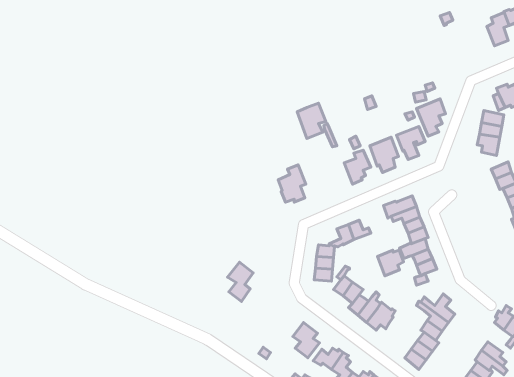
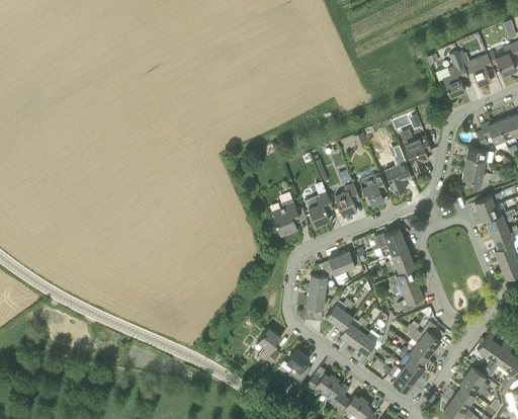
building: none -> [436,51,468,96]
building: [297,103,326,138] -> [307,192,334,226]
building: [377,250,404,276] -> none
building: [228,262,253,302] -> [258,327,282,364]

